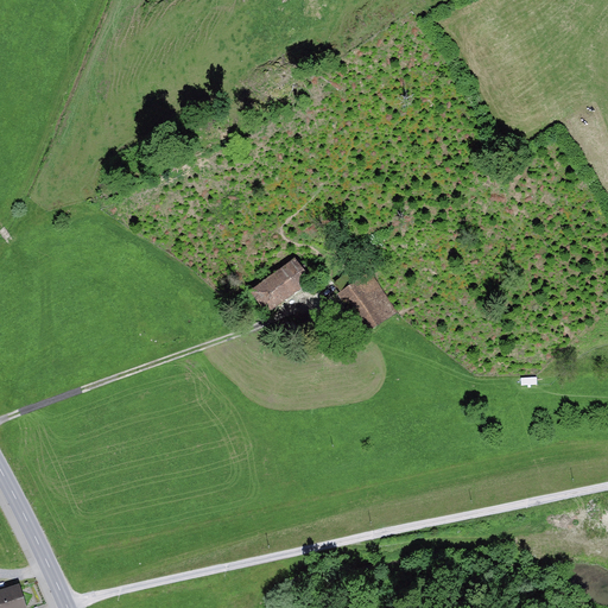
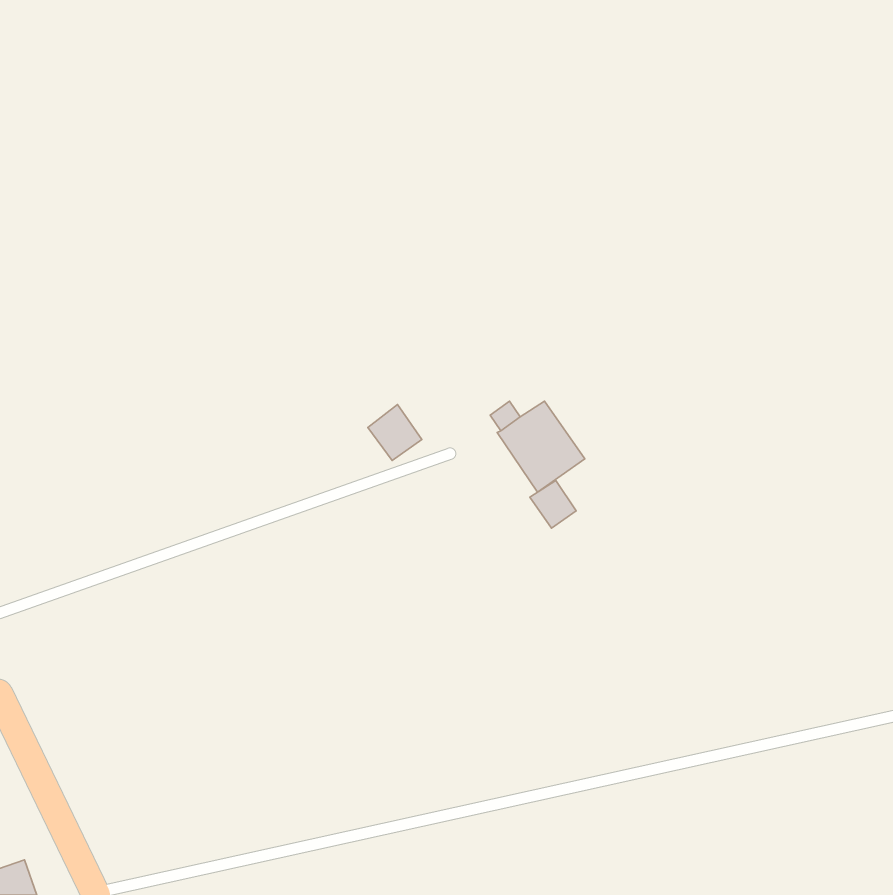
building: [270,256,310,298] -> none
building: none -> [530,481,576,528]

